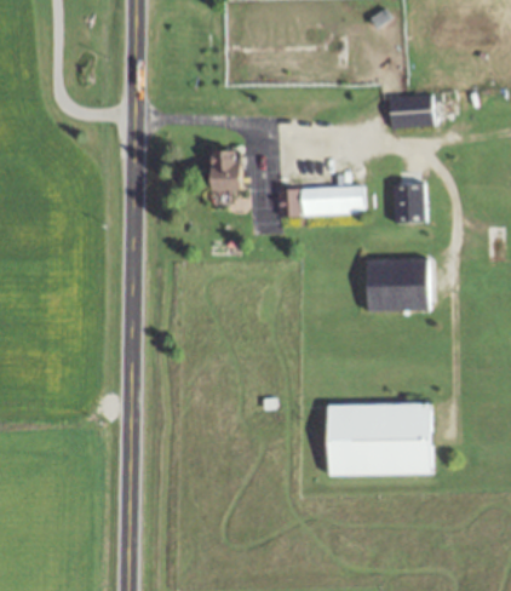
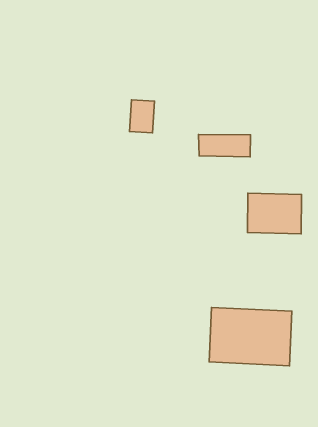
building: [390,94,435,131] -> none
building: [390,182,427,226] -> none

